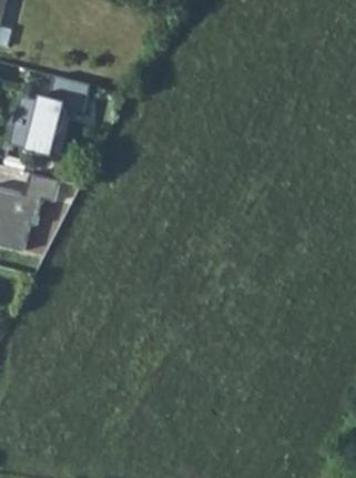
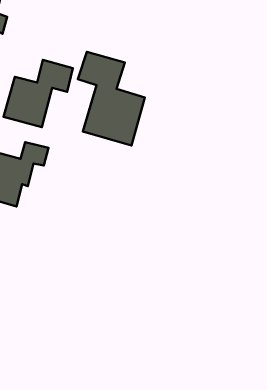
building: none -> [78,52,145,146]

